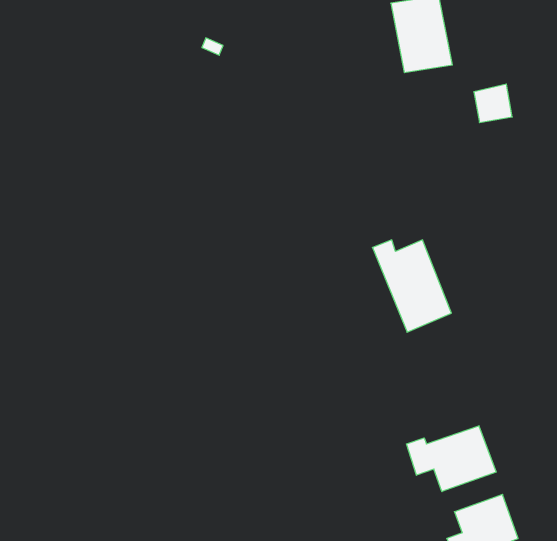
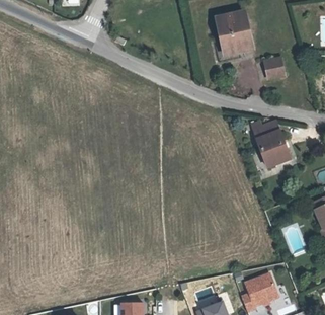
building: [372,240,451,332] -> [246,122,288,170]
building: [407,426,496,492] -> none

